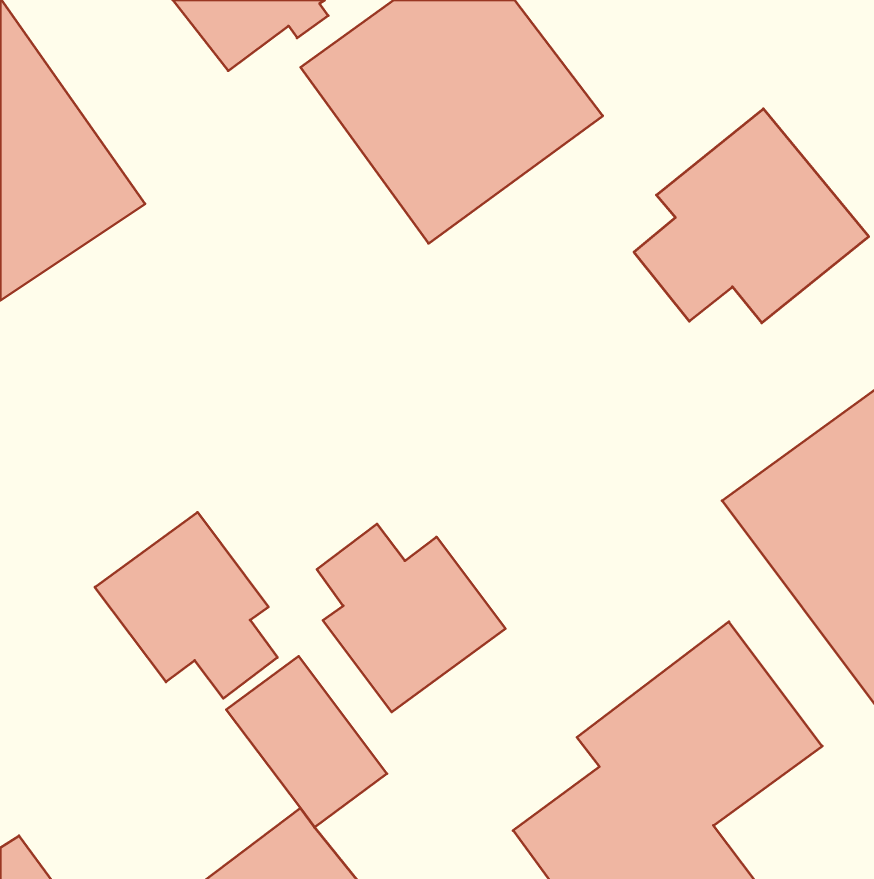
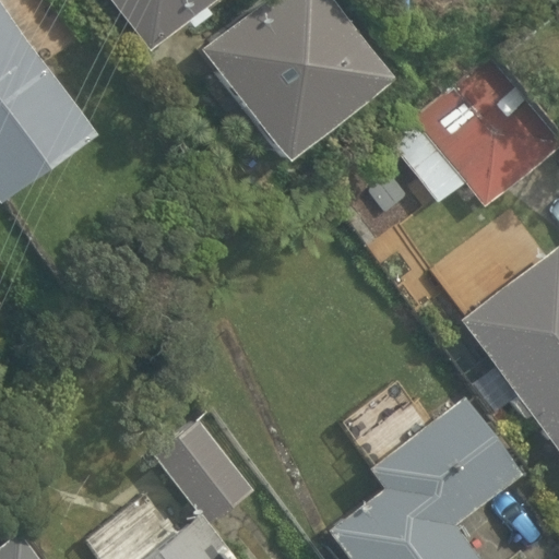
building: [95,512,277,698] -> none
building: [317,524,505,712] -> none

